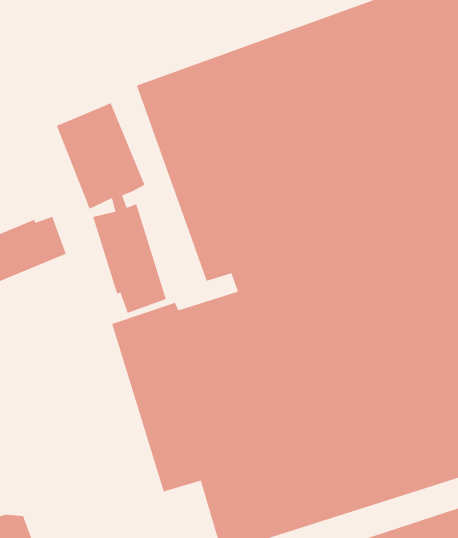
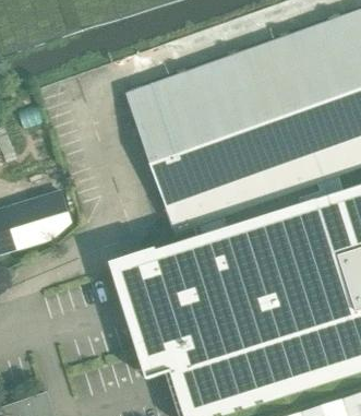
building: [56,102,167,314] -> none

